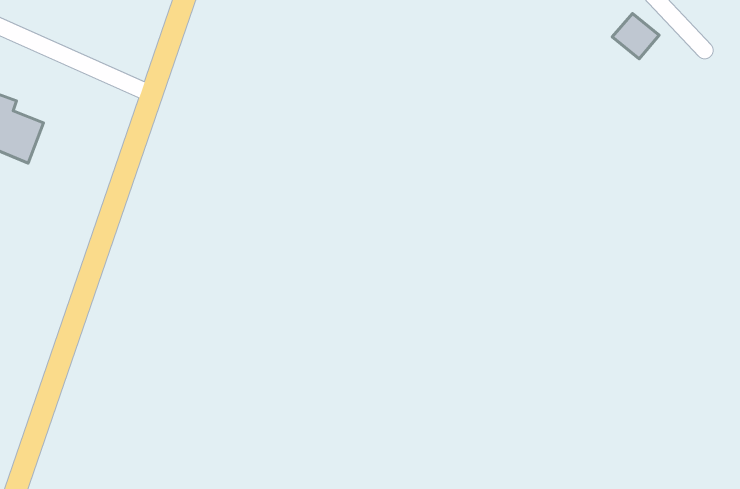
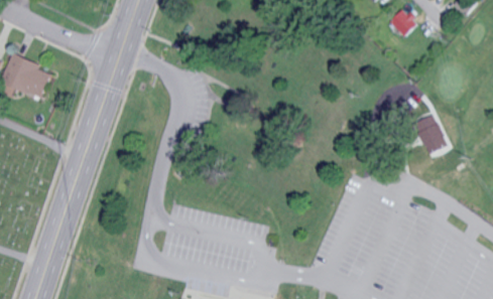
building: none -> [417,115,450,152]

